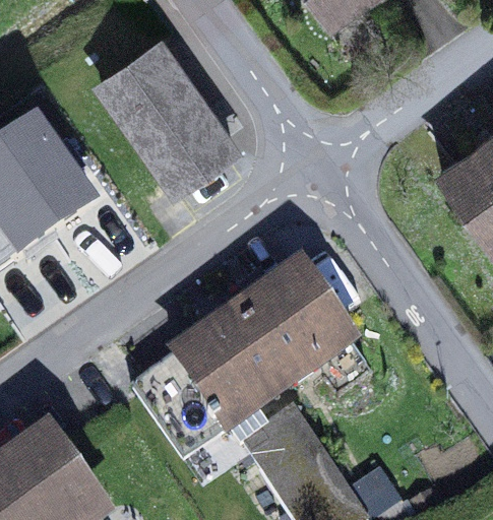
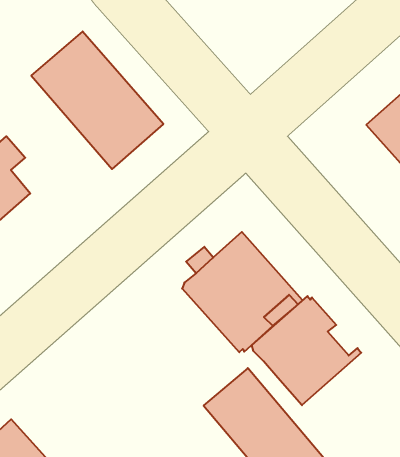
building: [133,318,286,461] -> none
building: none -> [252,296,361,405]

